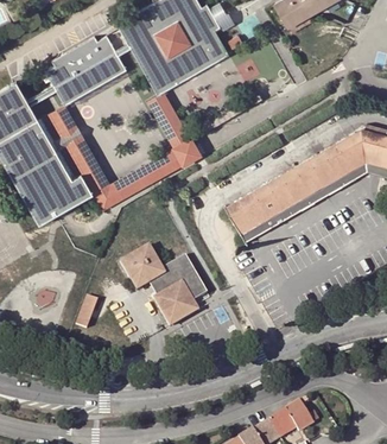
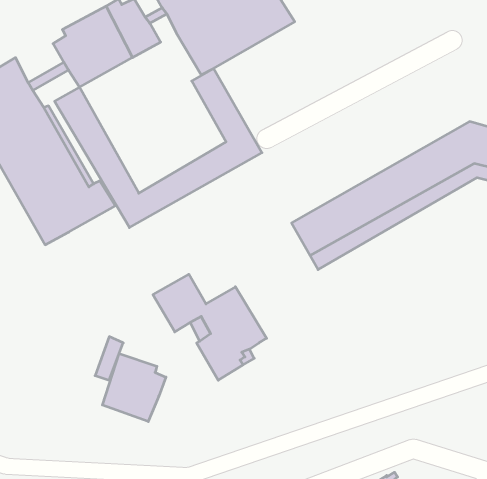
building: none -> [102,354,166,422]

